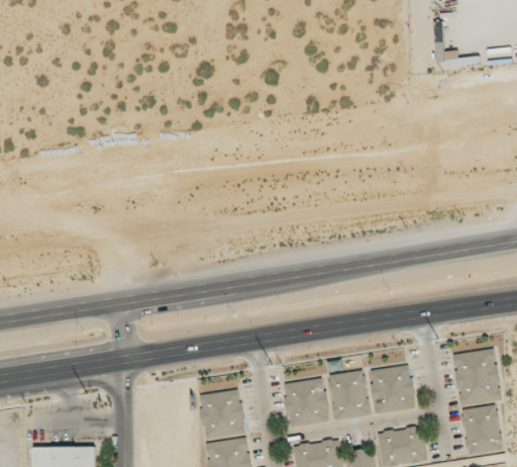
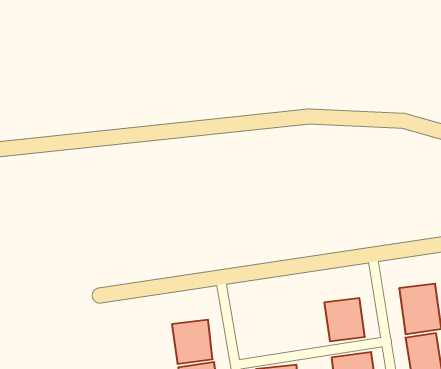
building: [328,371,369,421] -> none
building: [284,379,328,428] -> none

